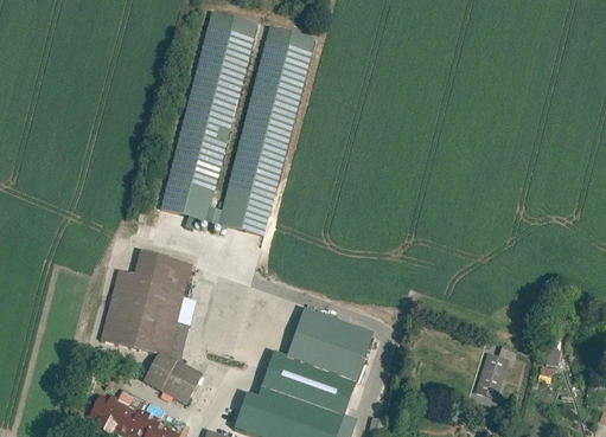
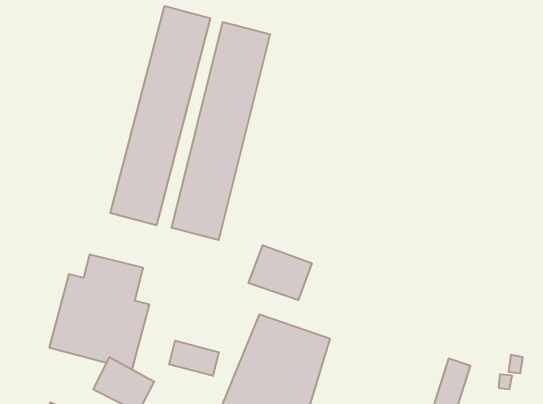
building: none -> [248,245,312,300]
building: none -> [169,341,219,376]

